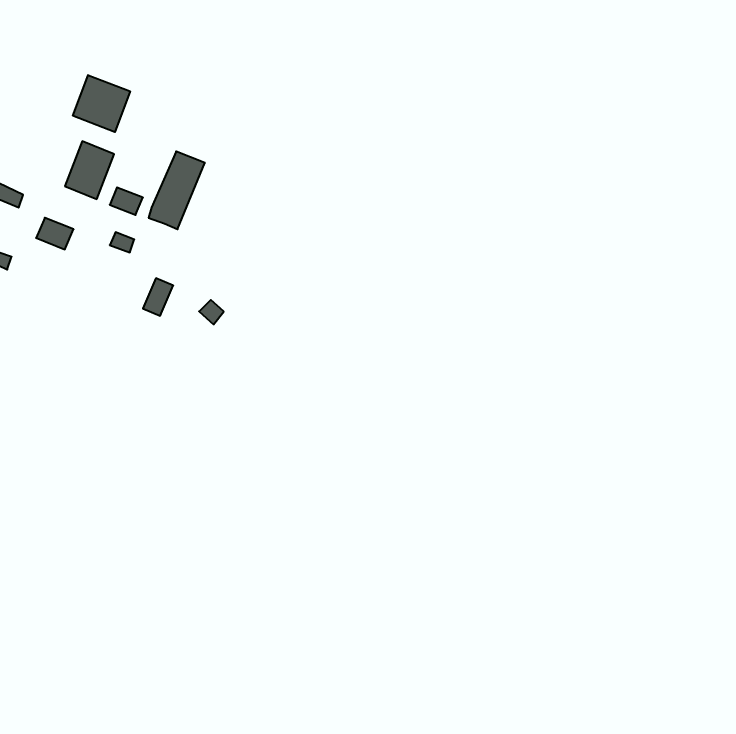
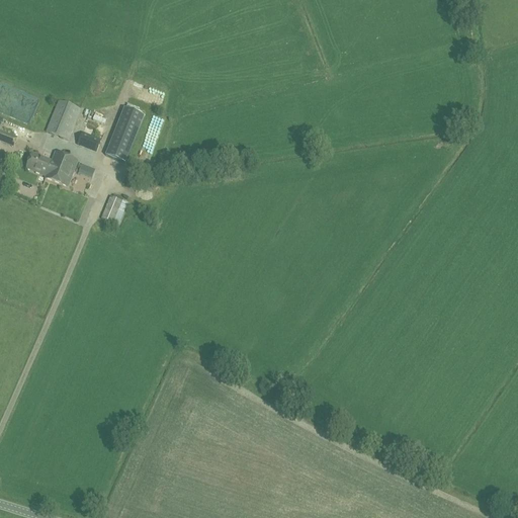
building: [73,75,130,132] -> none
building: none -> [45,152,77,186]

